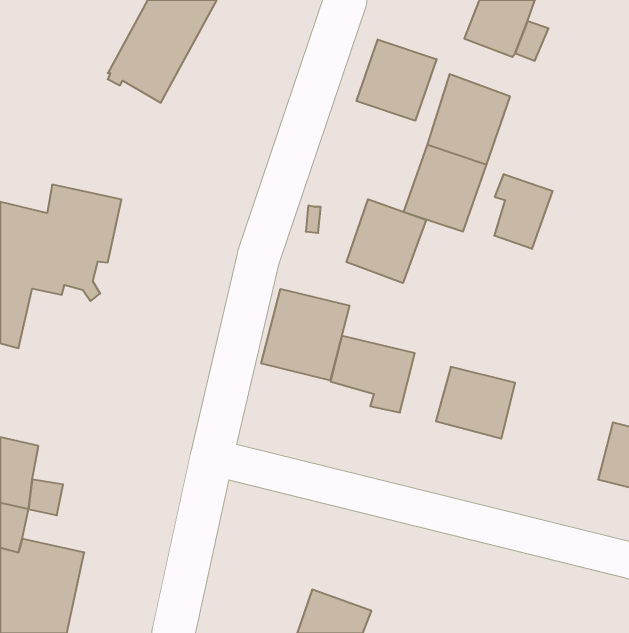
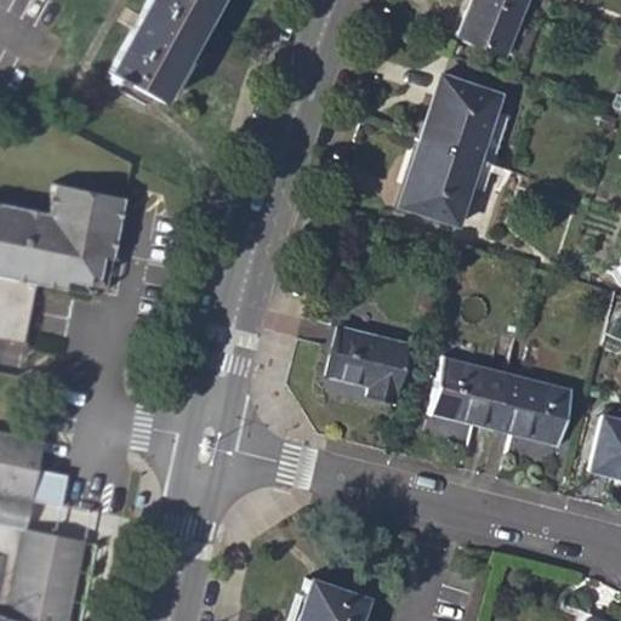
building: [356,39,437,121] -> none
building: [494,174,553,249] -> none
building: [346,199,426,283] -> none
building: [261,289,349,380] -> none
building: none -> [495,375,571,445]

